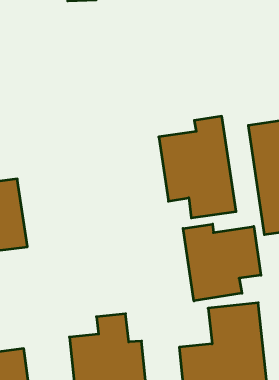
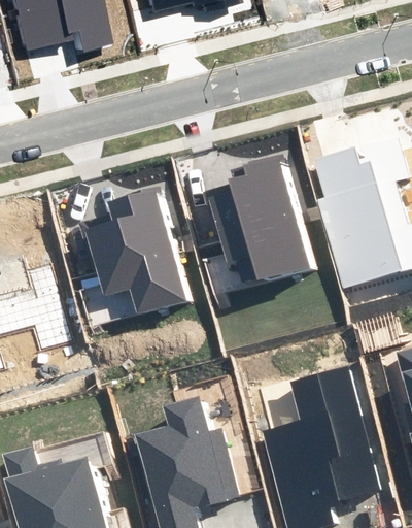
building: none -> [88,192,186,312]
building: [183,224,261,301] -> none

